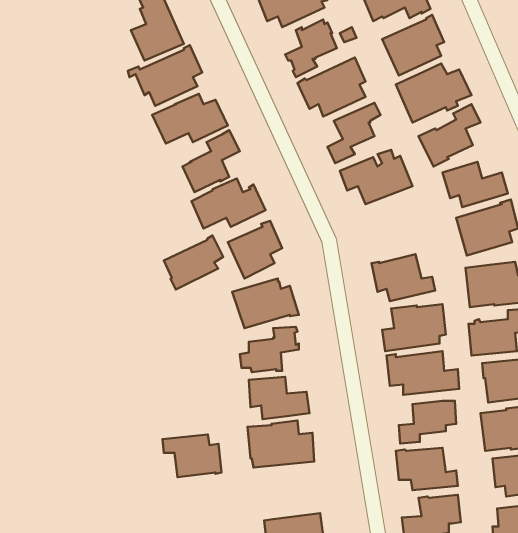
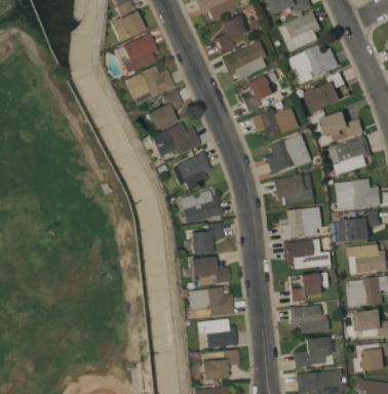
building: none -> [265,133,313,174]
building: [164,235,223,289] -> none
building: [162,435,221,477] -> [196,319,236,348]

